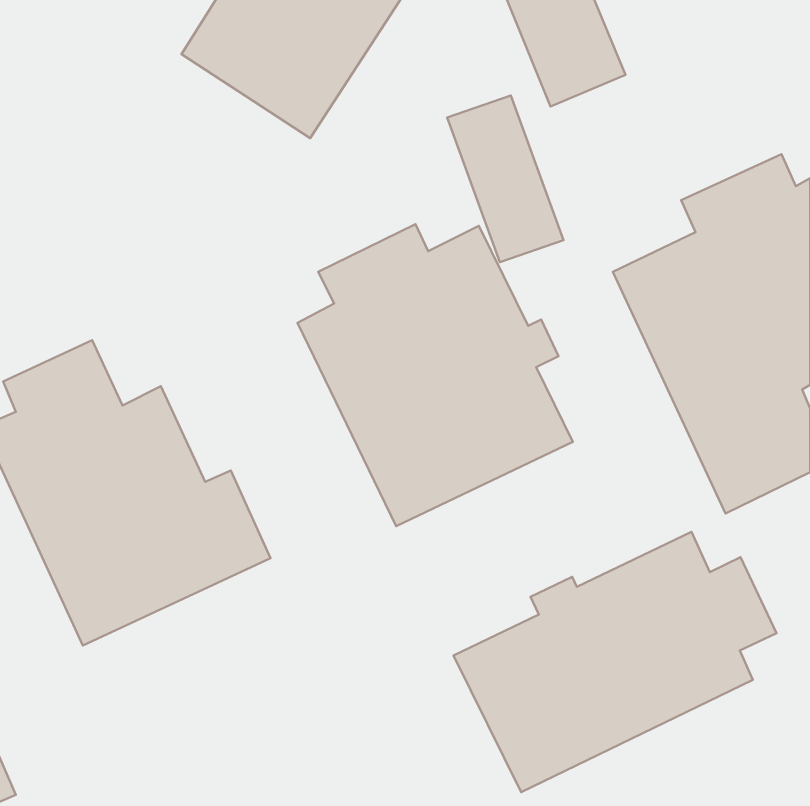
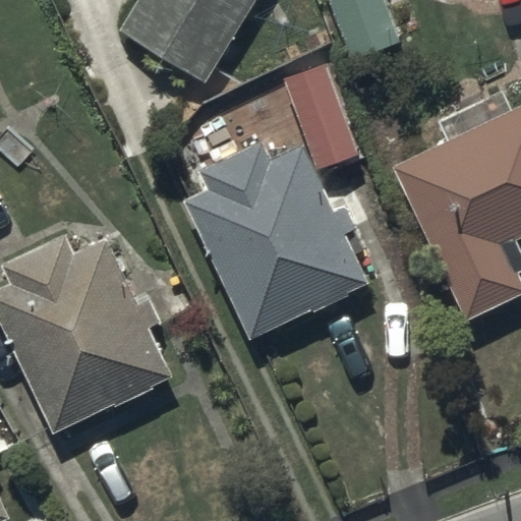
building: [453,532,777,792] -> none

